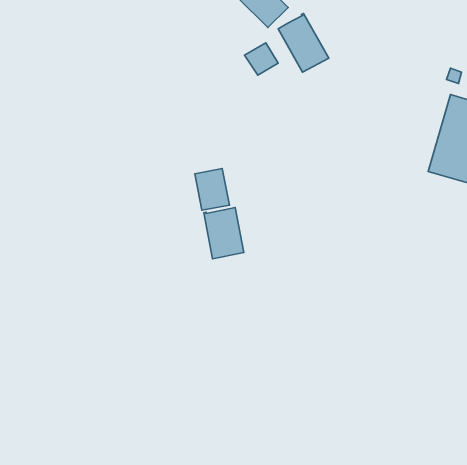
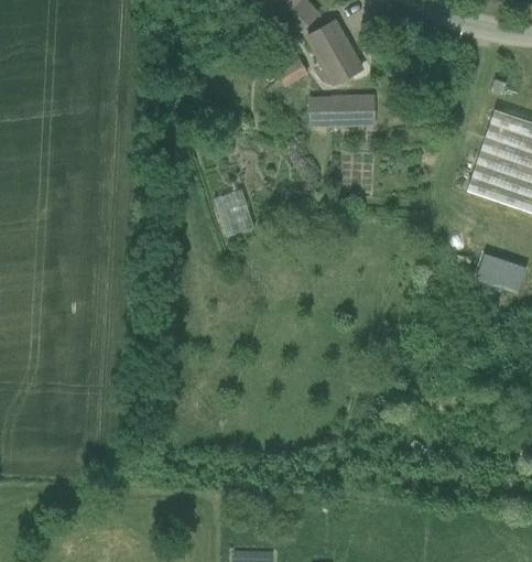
building: none -> [308,91,374,128]
building: [204,208,244,259] -> none
building: none -> [474,257,507,288]

